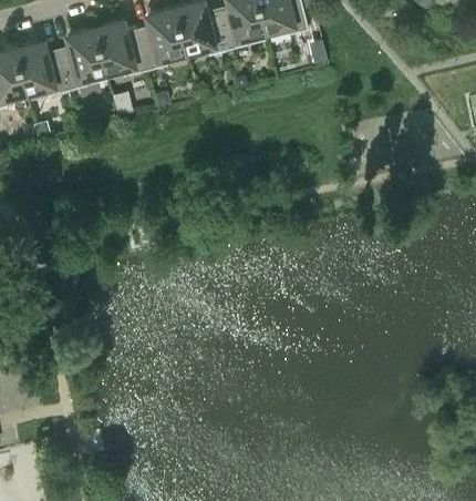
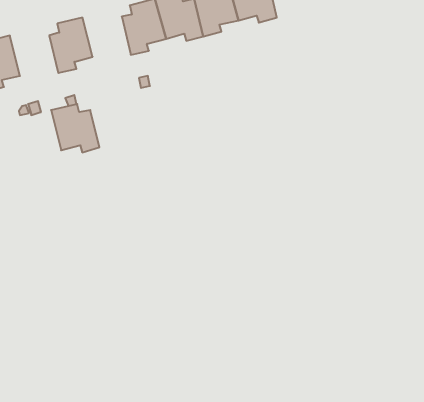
building: [94,20,147,74] -> none
building: [14,41,68,94] -> [51,104,99,152]

